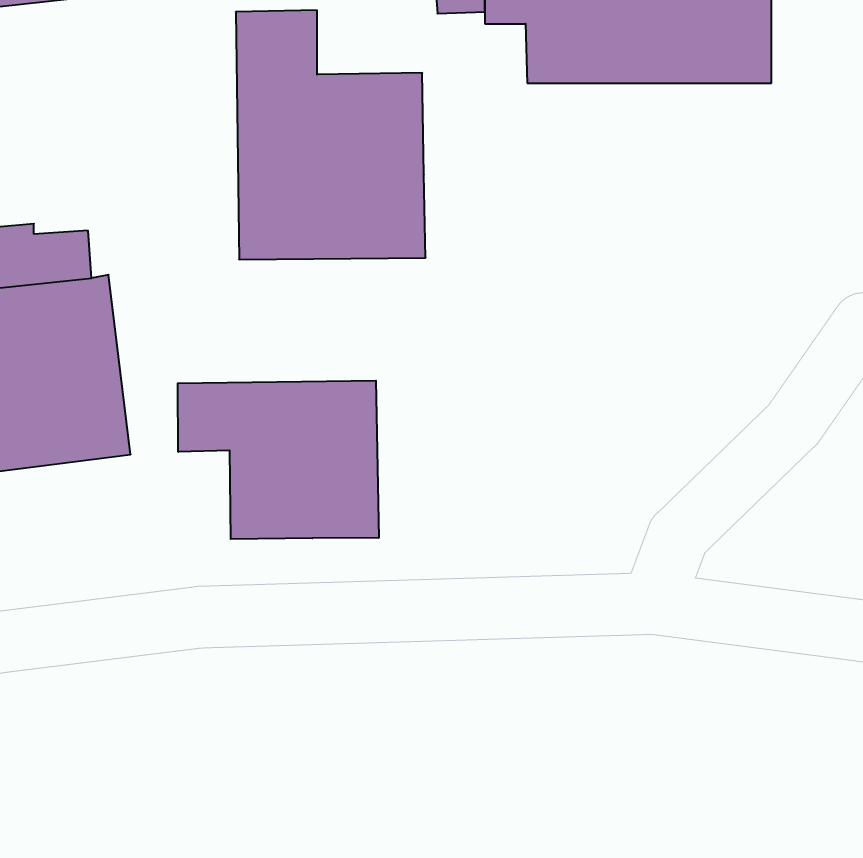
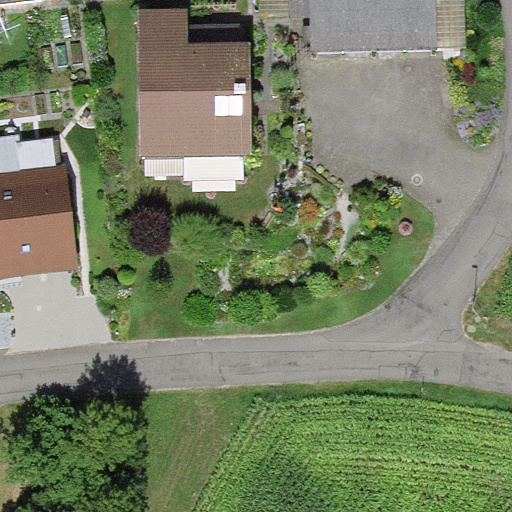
building: [178,381,379,539] -> none

